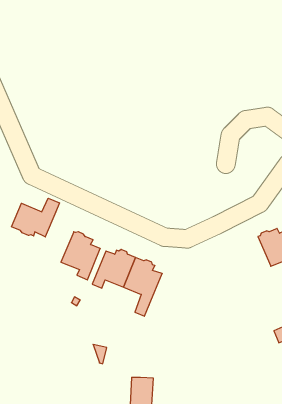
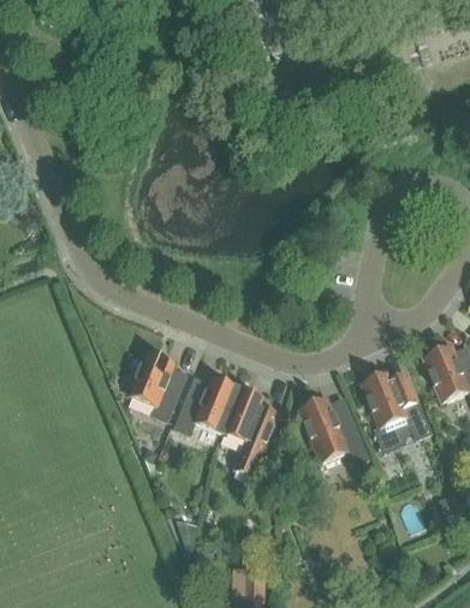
building: [11,198,59,237] -> none
building: none -> [361,370,430,452]
building: none -> [298,395,368,463]

